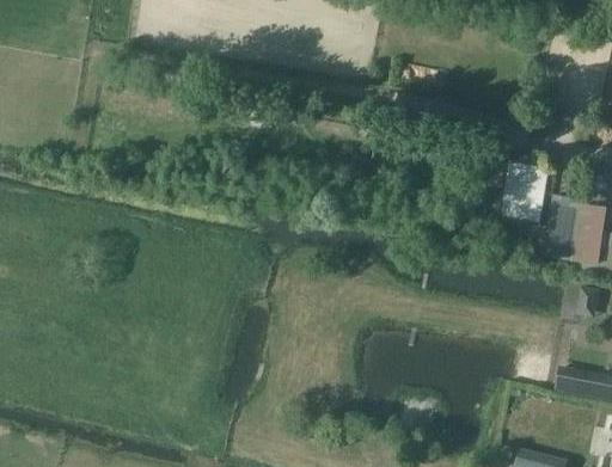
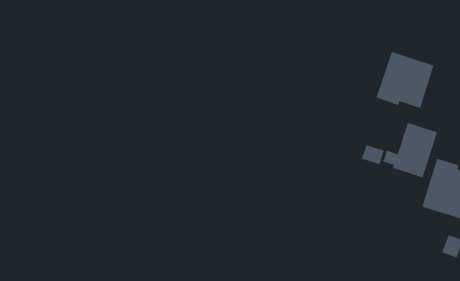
building: none -> [376,51,434,109]

